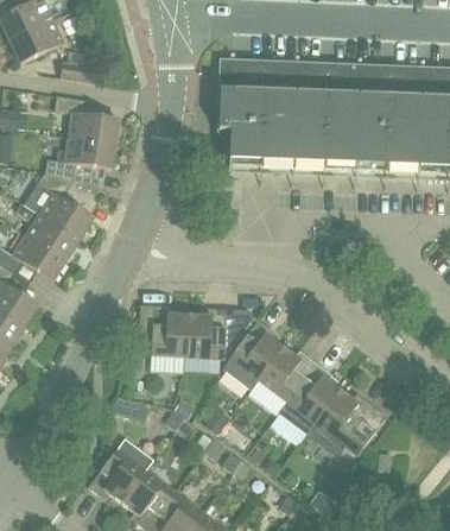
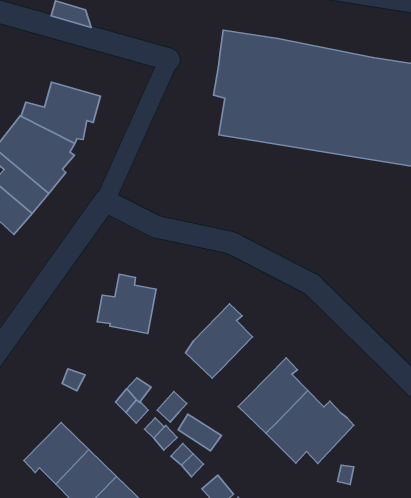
building: [53,94,118,143] -> none
building: [185,306,252,355] -> none
building: [256,344,315,399] -> none

